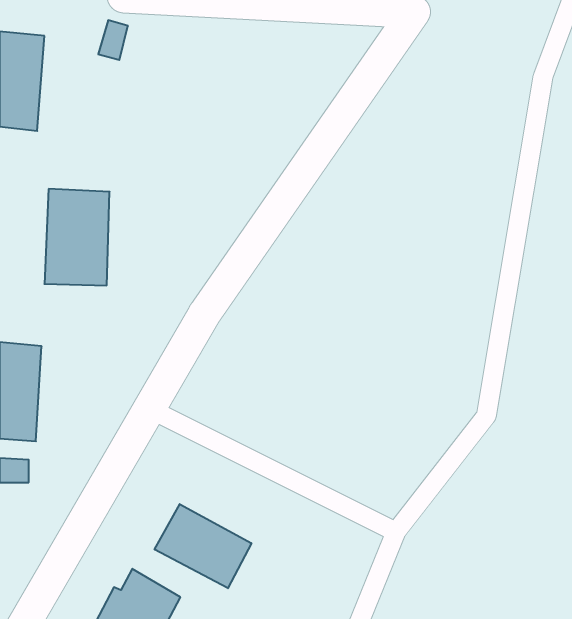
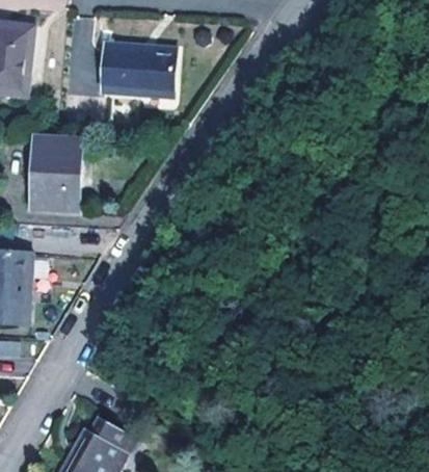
building: none -> [103,47,173,96]
building: [155,504,251,588] -> none

